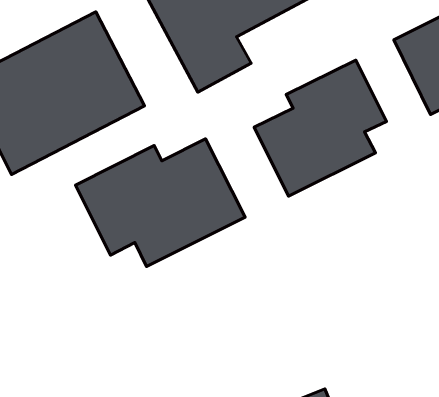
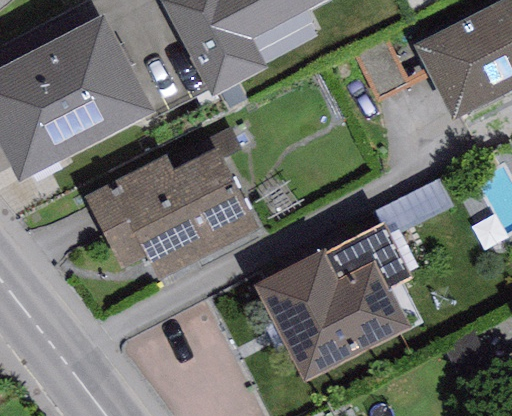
building: [254,60,386,196] -> none
building: none -> [253,220,411,381]

